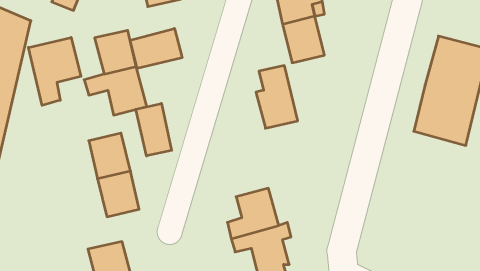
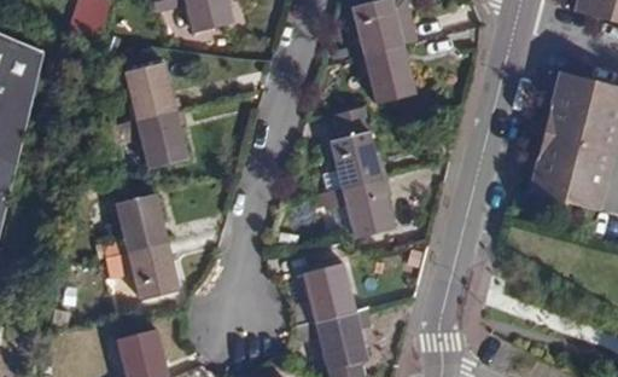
building: [130,28,182,69] -> none
building: [28,37,81,105] -> none
building: [136,103,172,156] -> none
building: none -> [311,178,395,238]

